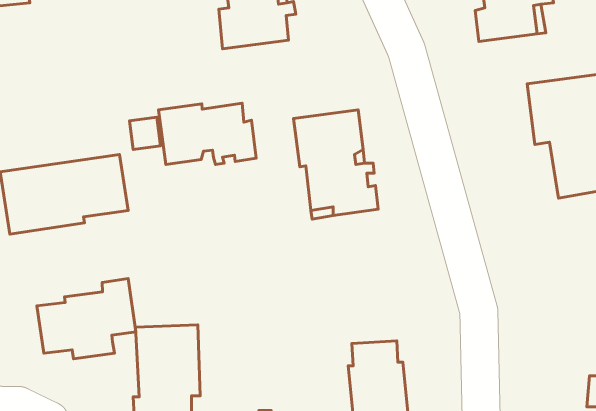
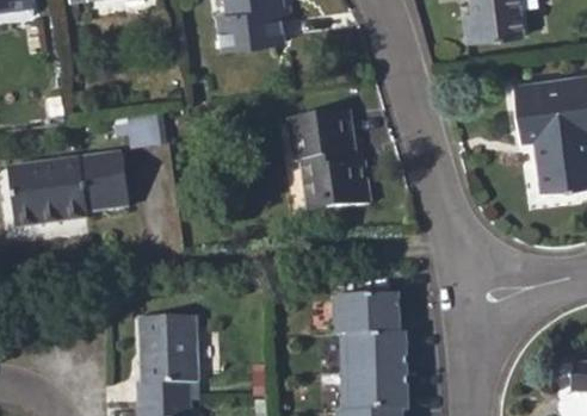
building: [159,103,256,165] -> none
building: [37,279,136,359] -> none
building: none -> [344,302,388,334]

